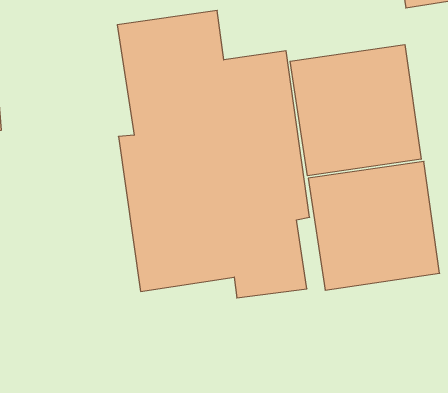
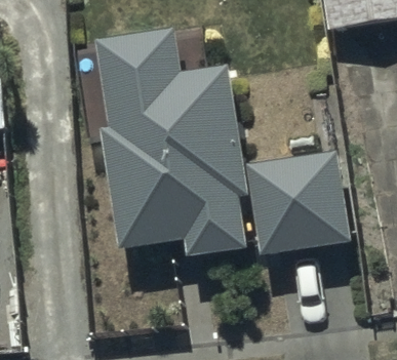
building: [290,45,421,176] -> none

